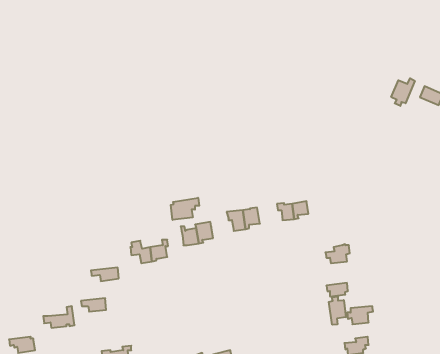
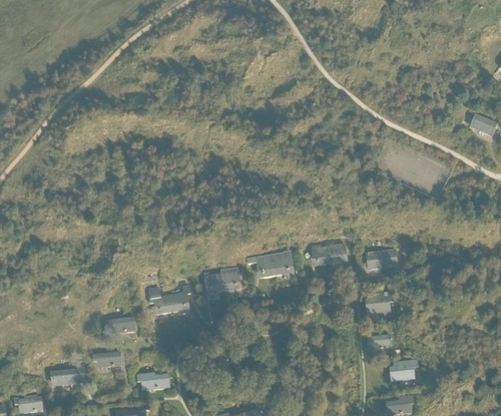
building: [391,78,415,106] -> none
building: [171,198,199,220] -> none
building: none -> [366,250,397,270]
building: [329,297,346,325] -> none
building: none -> [136,373,168,390]

